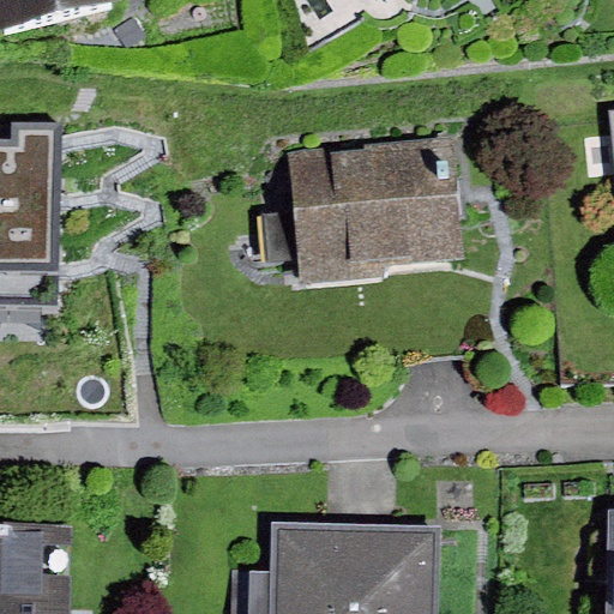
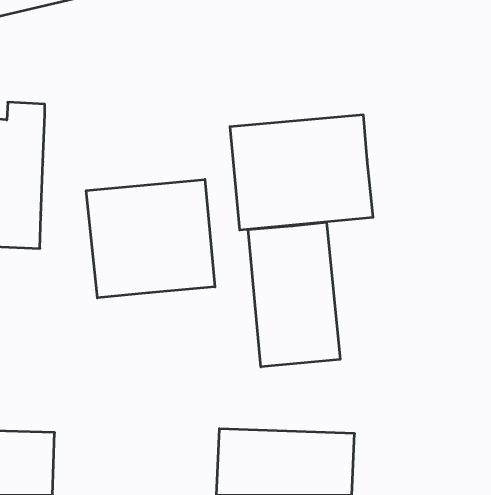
building: none -> [86,179,215,298]
building: none -> [248,222,340,367]

